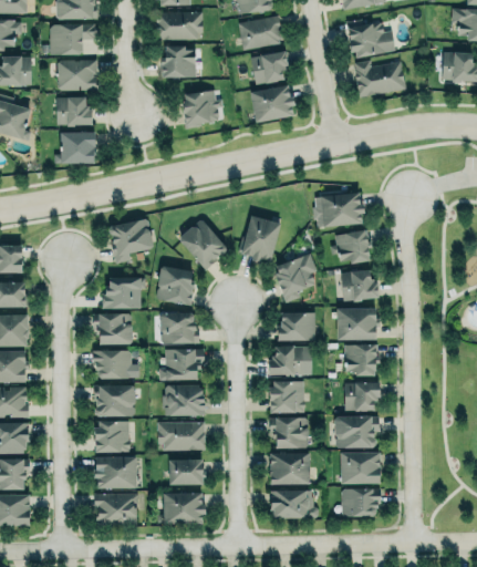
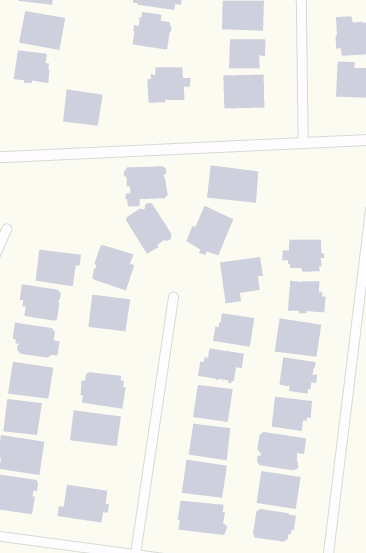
building: [60,133,95,164] -> [62,89,103,126]
building: [314,195,363,227] -> [206,165,259,203]
building: [108,218,154,261] -> [123,166,169,207]
building: [159,349,204,381] -> none
building: [168,460,203,485] -> none

